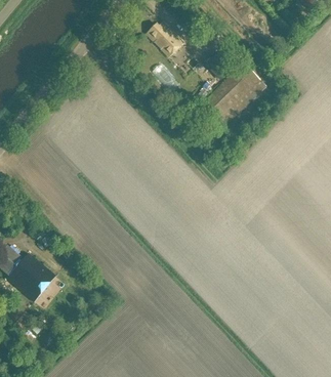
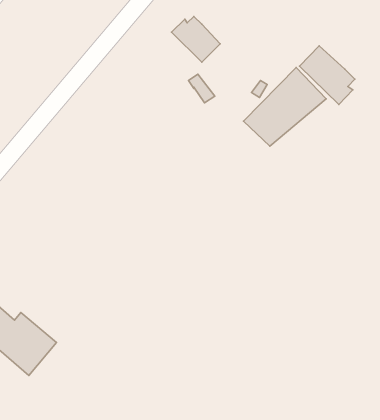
building: none -> [299,46,355,104]

